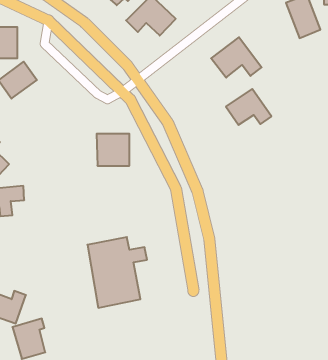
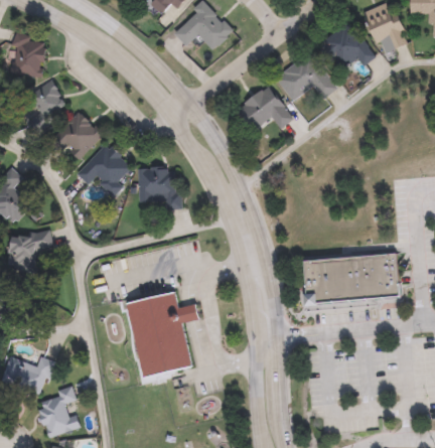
building: none -> [317,21,375,71]
building: none -> [56,113,103,159]
building: [226,89,271,125] -> [238,86,292,129]
building: none -> [77,144,131,196]
building: none -> [301,251,400,307]

